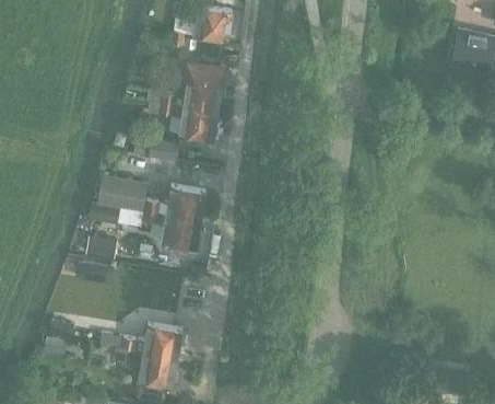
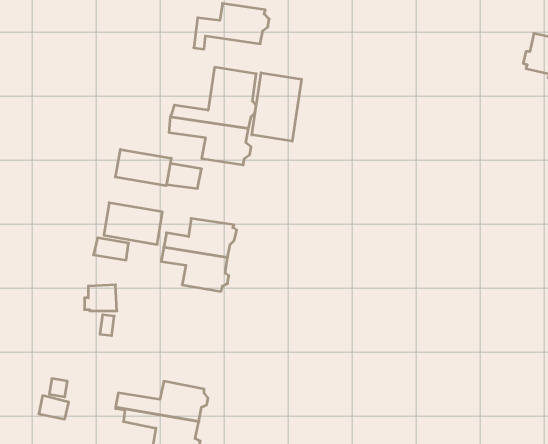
building: none -> [252,73,302,141]
building: none -> [115,149,171,186]

